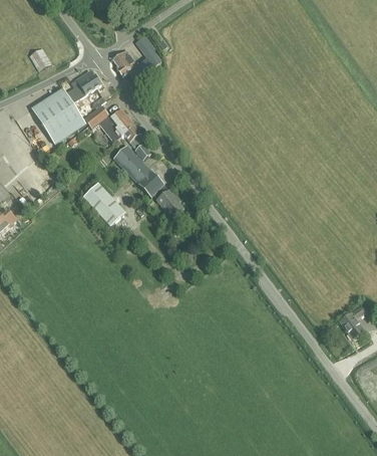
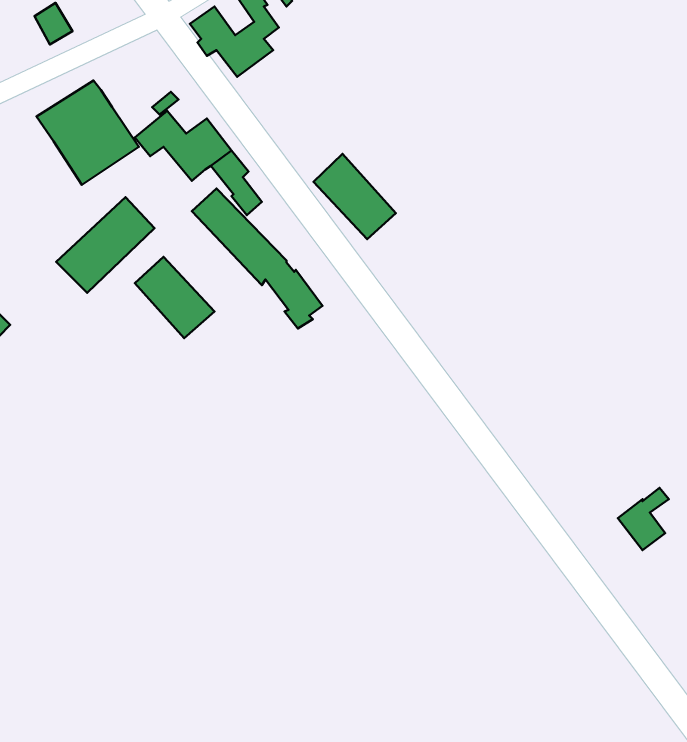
building: [65,70,100,102] -> none
building: none -> [314,154,396,239]
building: none -> [56,197,154,293]

